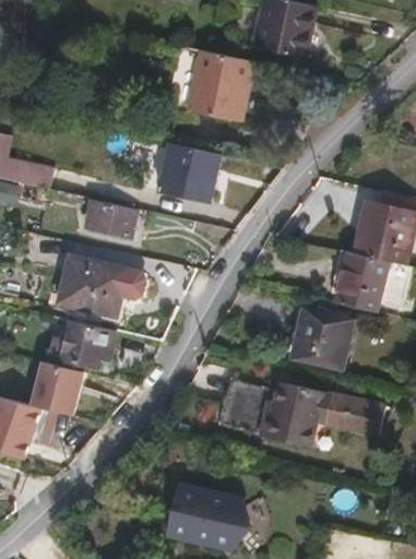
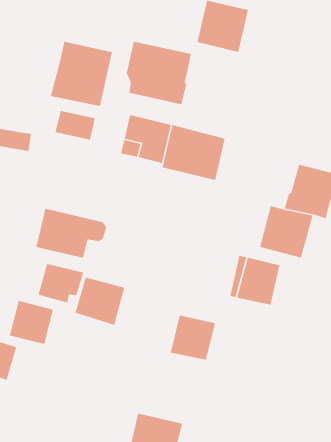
building: none -> [50,41,113,107]
building: none -> [162,124,225,181]
building: [90,200,139,236] -> [54,110,96,141]
building: none -> [74,276,125,326]
building: [265,382,384,448] -> none

